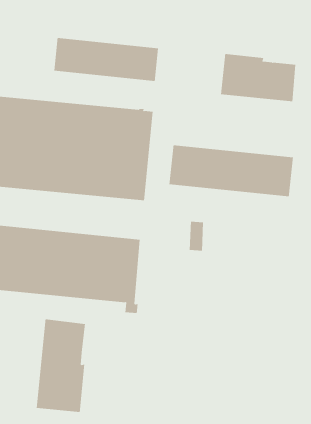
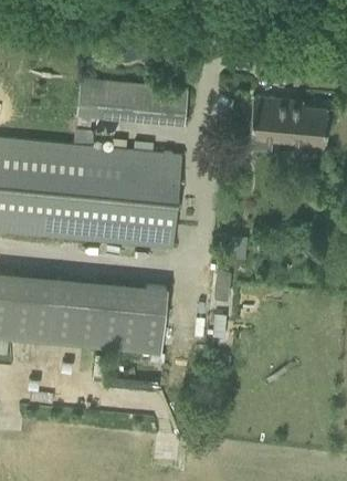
building: [169,145,294,197] -> none
building: [36,319,86,413] -> none

